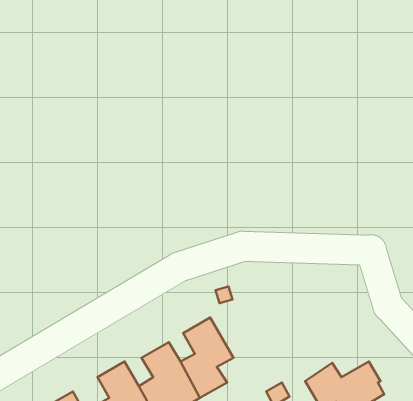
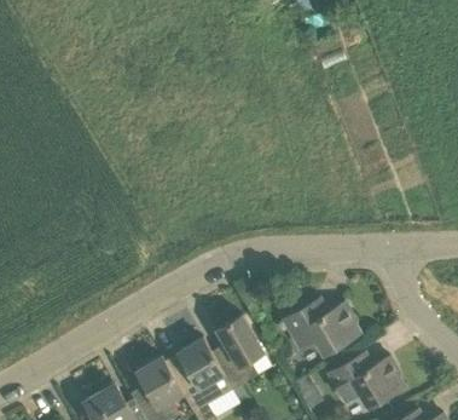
building: none -> [283,299,358,353]

